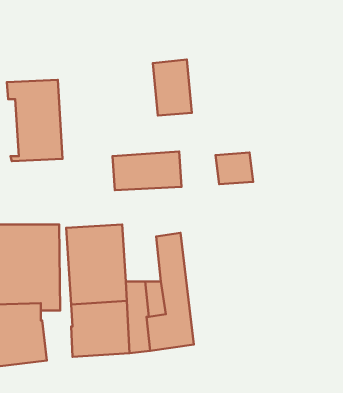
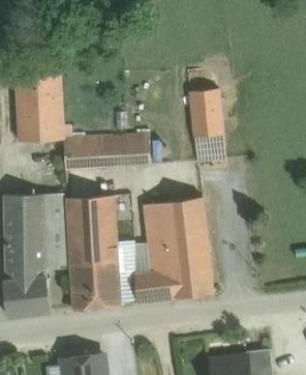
building: [153,59,192,115] -> [189,88,222,136]
building: none -> [63,137,108,169]
building: none -> [163,196,212,297]

